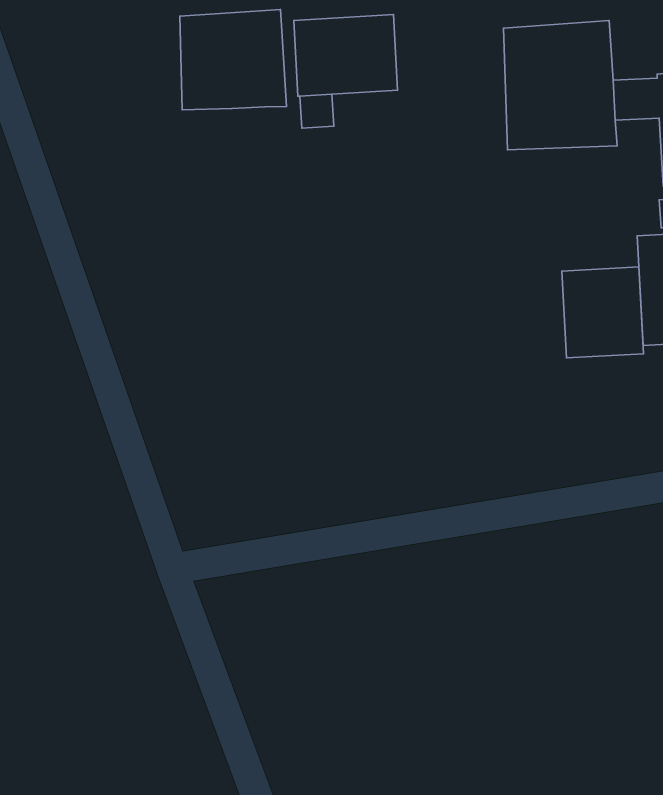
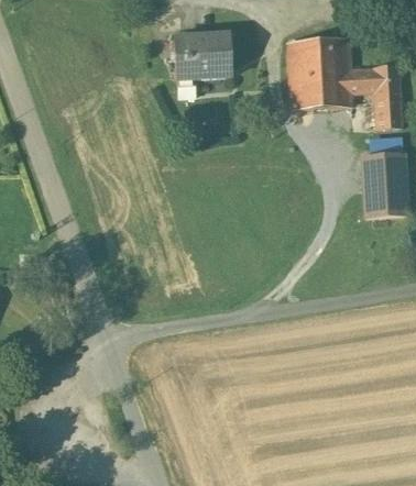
building: [180,10,286,110] -> none
building: [562,267,644,358] -> none

